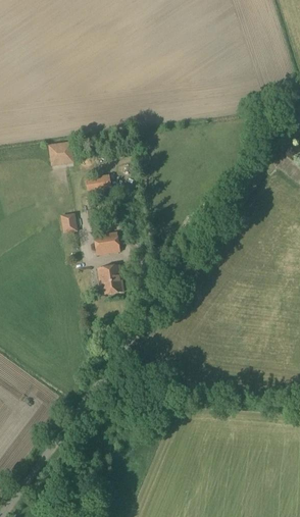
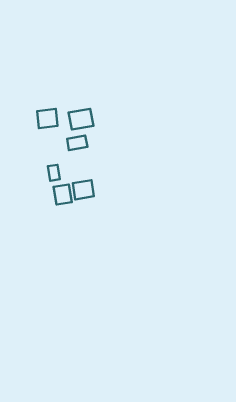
building: none -> [68,109,93,130]
building: [98,267,121,293] -> [53,184,72,205]

